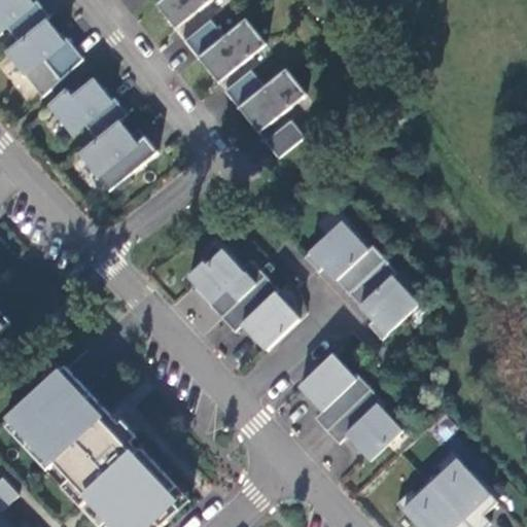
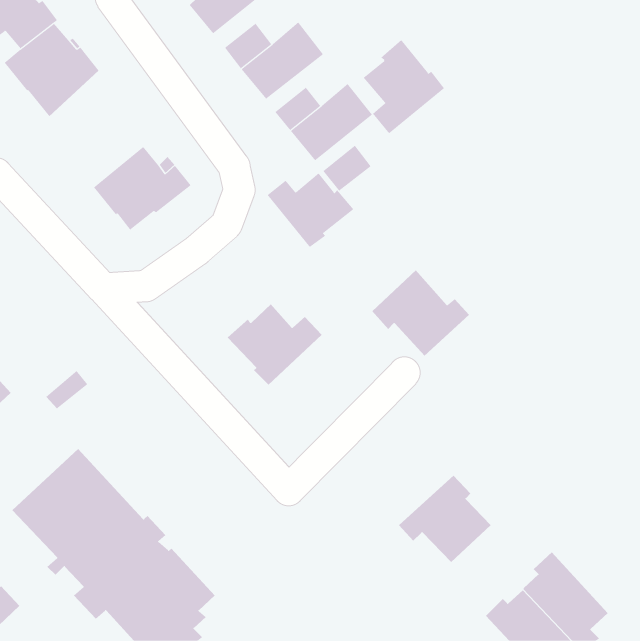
building: none -> [363,39,445,134]
building: [46,78,126,138] -> none
building: none -> [267,173,354,248]
building: [347,257,417,338] -> none
building: [219,274,296,347] -> none
building: [298,354,371,429] -> none

